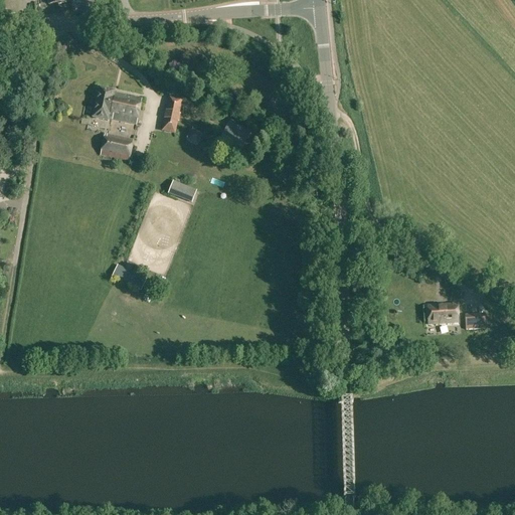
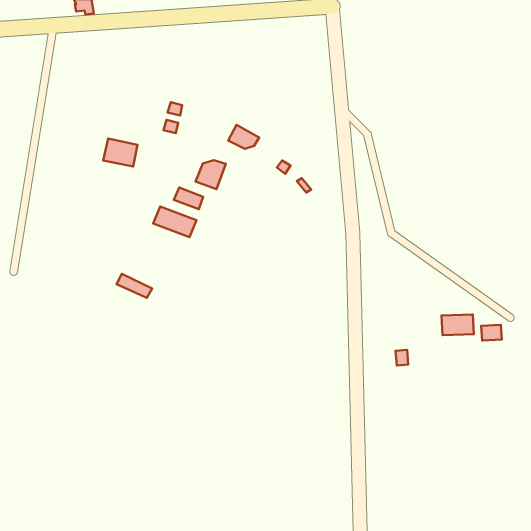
building: [94,88,143,124] -> none
building: none -> [196,160,226,189]
building: none -> [153,207,197,237]

